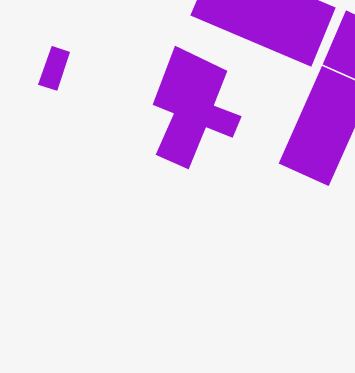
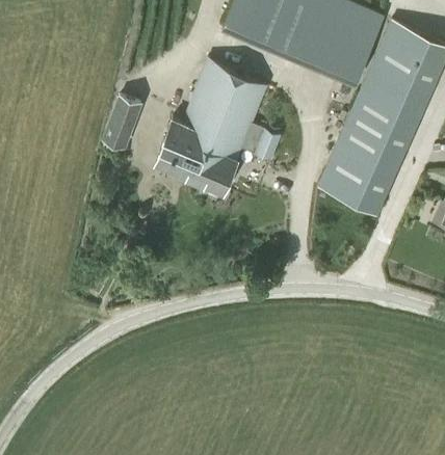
building: [37,45,71,92] -> [105,98,142,149]
building: none -> [156,119,206,179]

